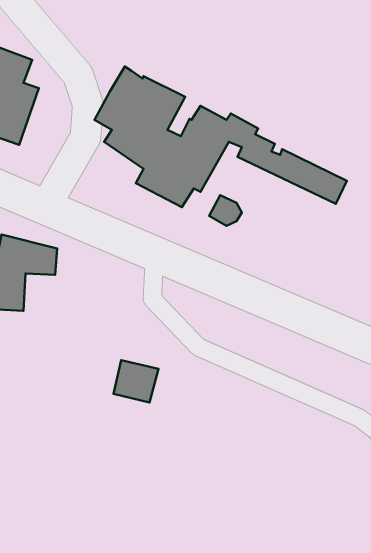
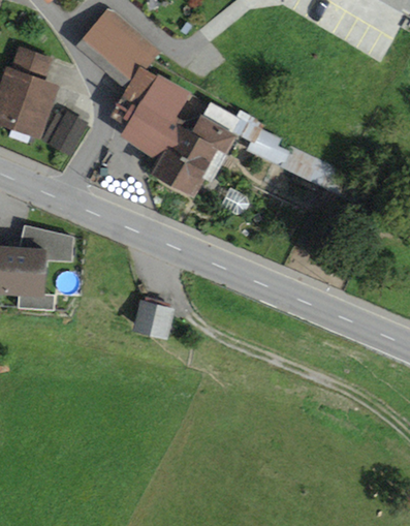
building: none -> [75,6,160,88]
building: none -> [41,109,89,155]
building: [114,360,158,403] -> [132,300,175,340]

